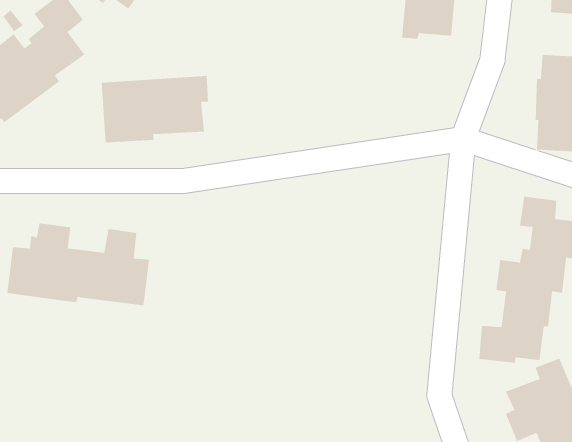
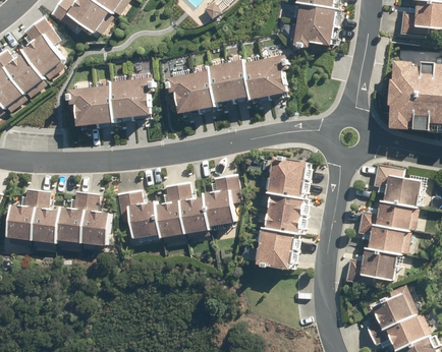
building: none -> [169,56,289,116]
building: none -> [259,159,308,271]
building: none -> [119,172,243,237]

